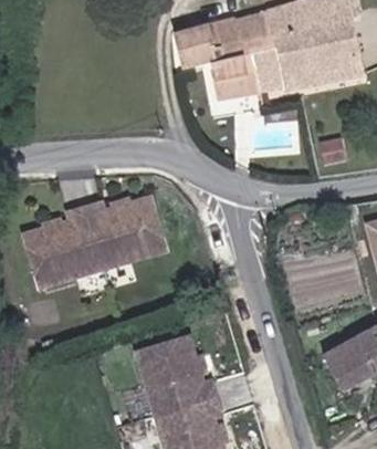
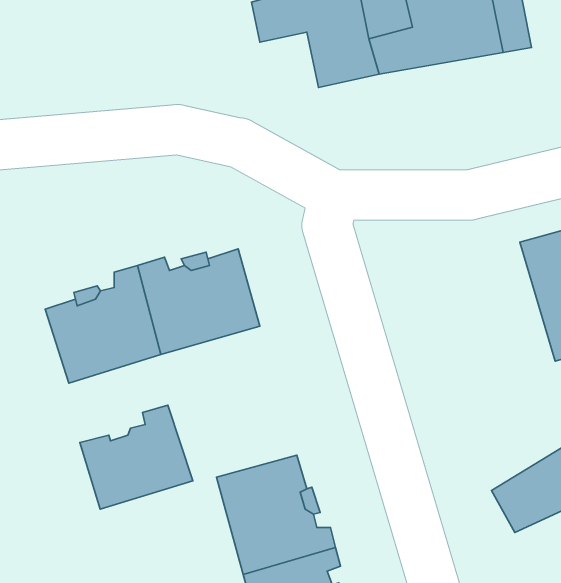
building: none -> [80,405,193,509]

